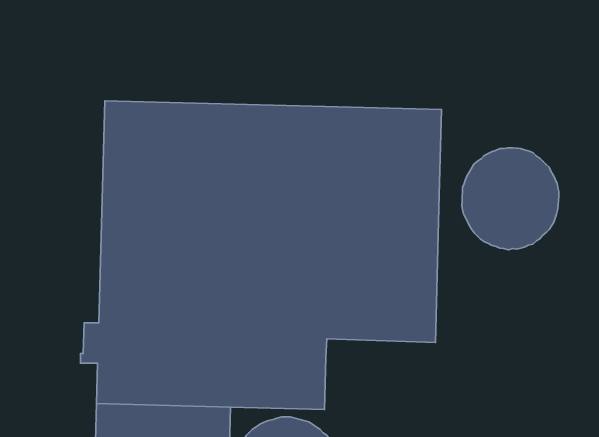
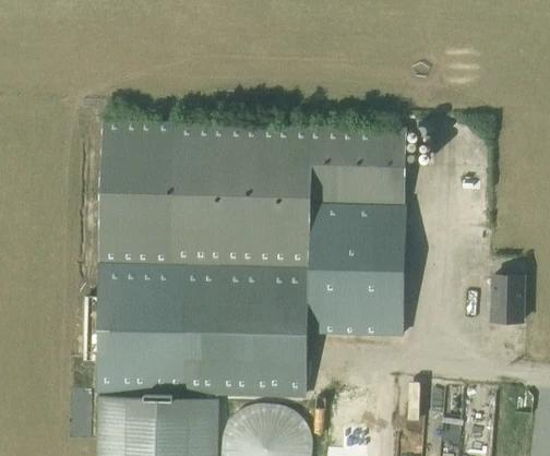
building: [462,148,559,250] -> none
building: none -> [492,274,523,321]

